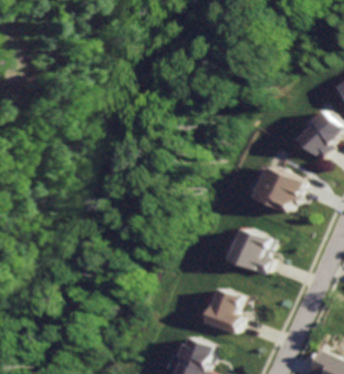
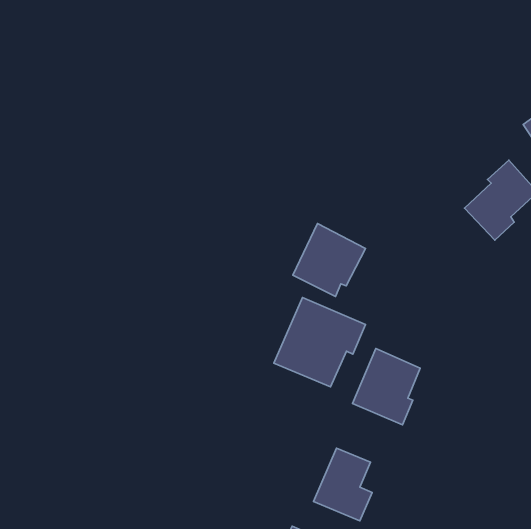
building: [259,166,304,211] -> [293,223,366,296]
building: none -> [274,297,366,387]

